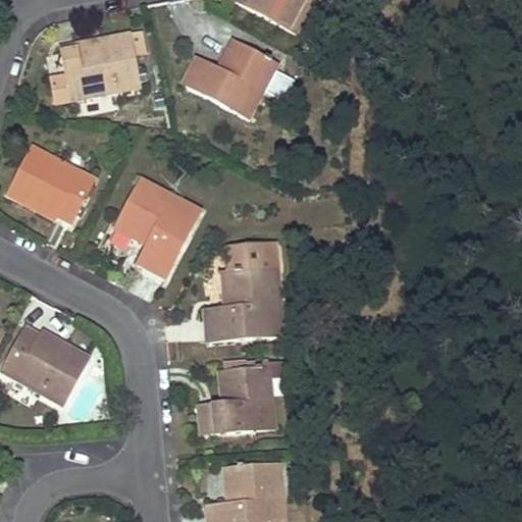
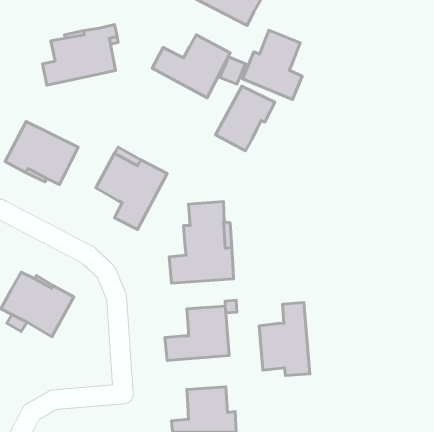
building: none -> [243,30,302,99]
building: none -> [216,86,275,151]
building: none -> [259,303,310,376]

